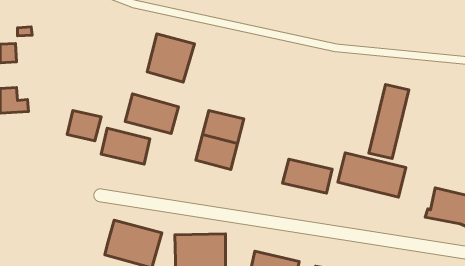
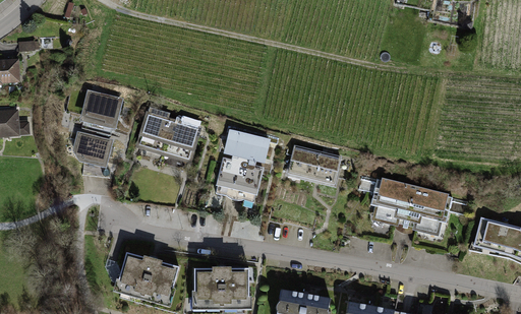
building: [147,34,194,82] -> none
building: none -> [82,88,121,128]
building: [369,85,409,159] -> none
building: [101,128,150,164] -> none
building: [282,159,332,193] -> [287,144,342,182]

